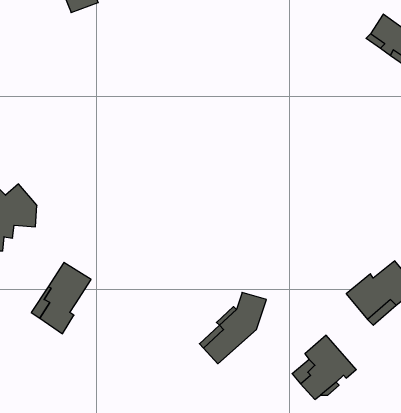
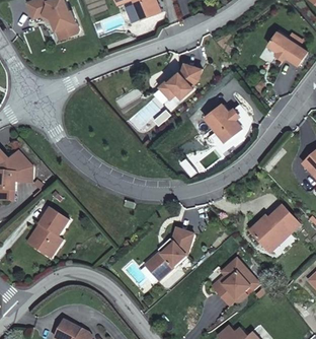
building: none -> [158,63,200,98]
building: none -> [204,103,240,140]

